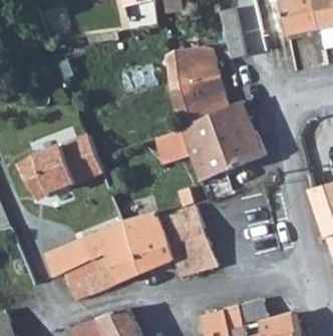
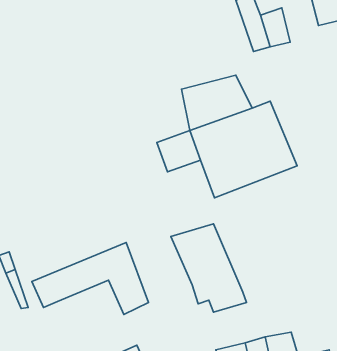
building: [161,52,215,90] -> none
building: [19,134,103,197] -> none
building: [121,209,178,272] -> none
building: [63,253,119,301] -> none

